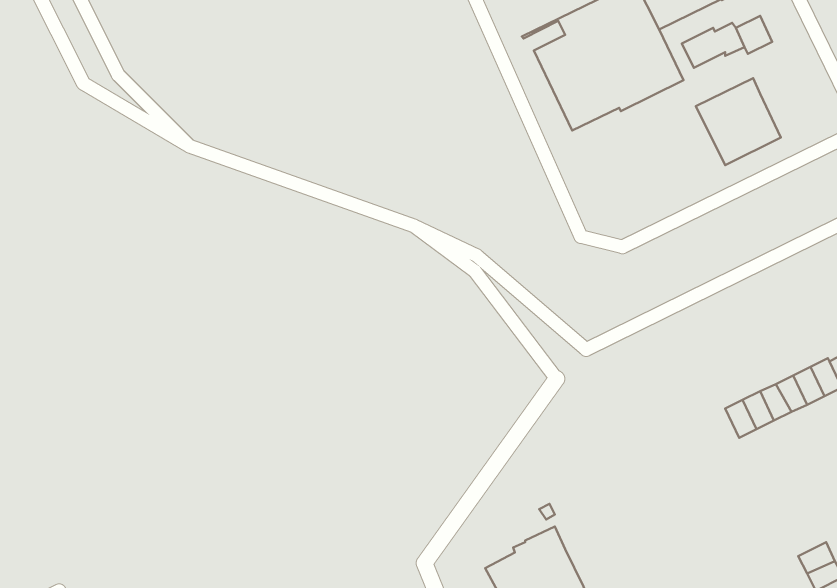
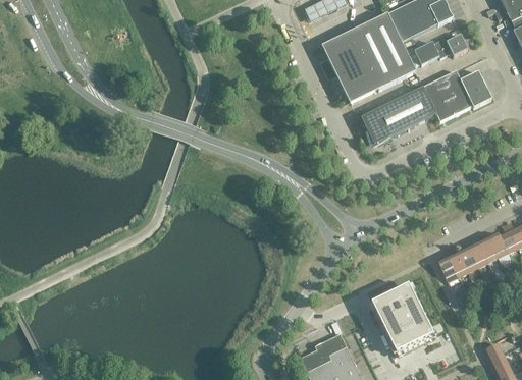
building: none -> [461,69,492,106]
building: none -> [361,86,436,146]
building: none -> [374,285,436,354]

